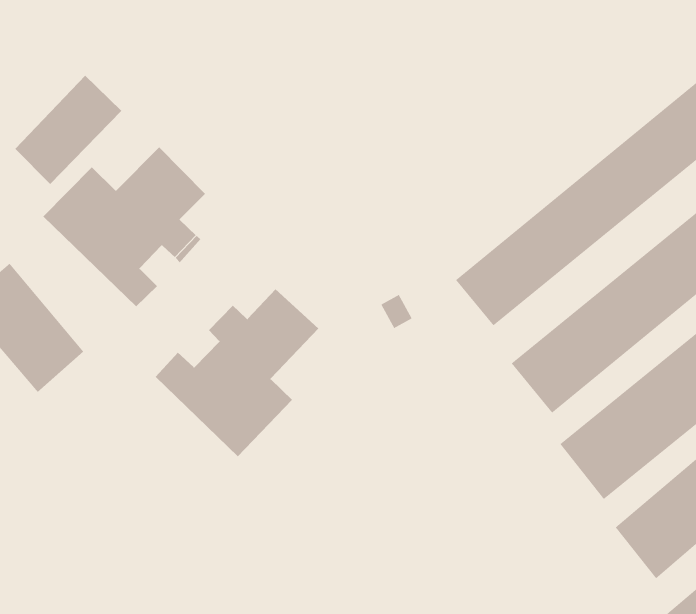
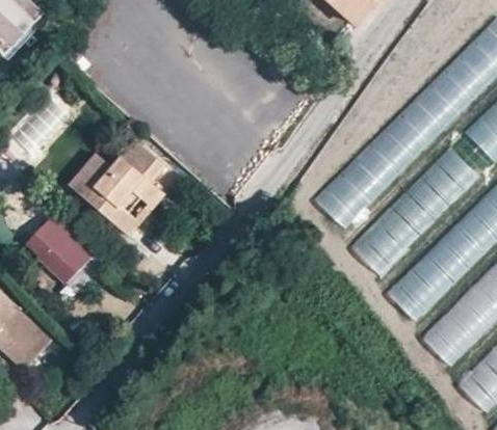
building: [15,75,122,185] -> none
building: [155,289,319,457] -> none

